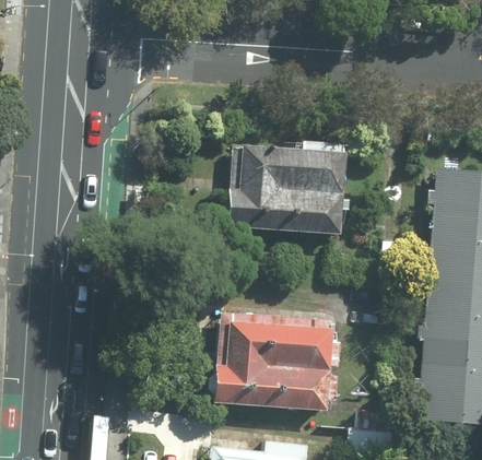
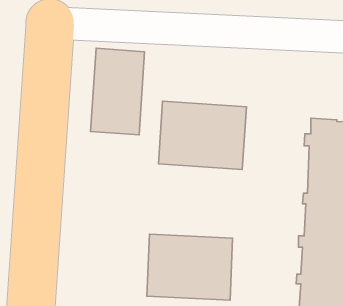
building: none -> [91,48,145,135]

